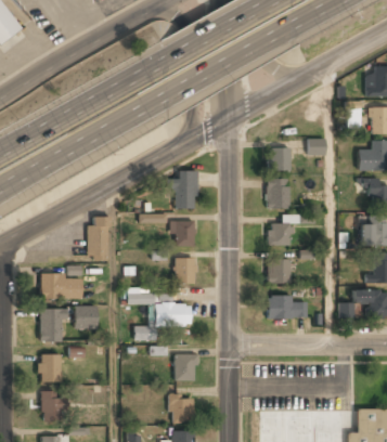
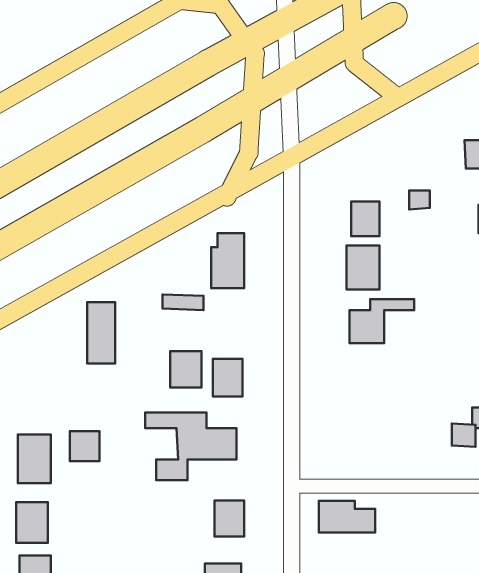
building: [172,221,194,246] -> [170,351,202,387]
building: [268,260,289,284] -> none
building: [41,274,72,299] -> none
building: [268,297,307,318] -> [319,501,375,532]

